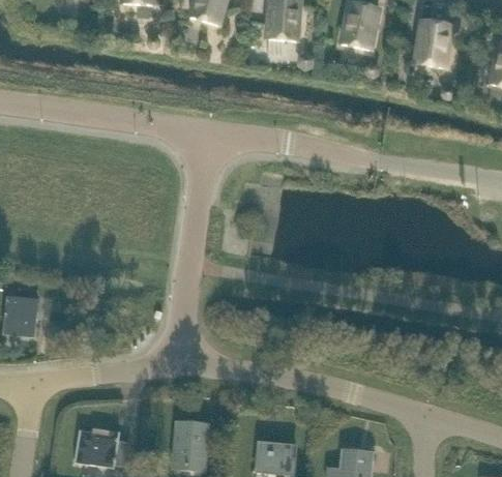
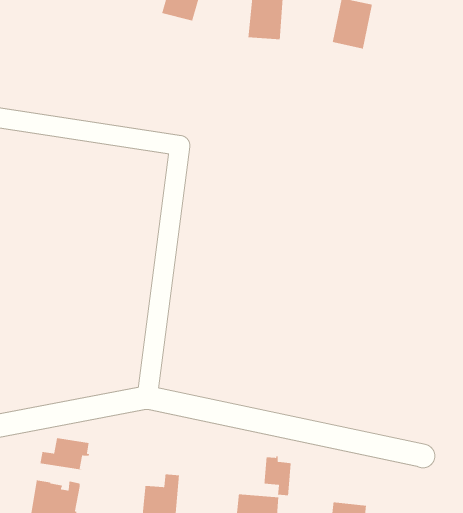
building: [415,19,450,65] -> none
building: none -> [40,437,90,472]
building: none -> [264,455,292,496]

